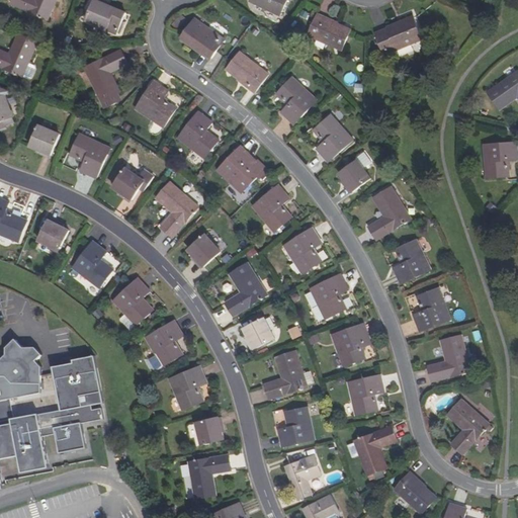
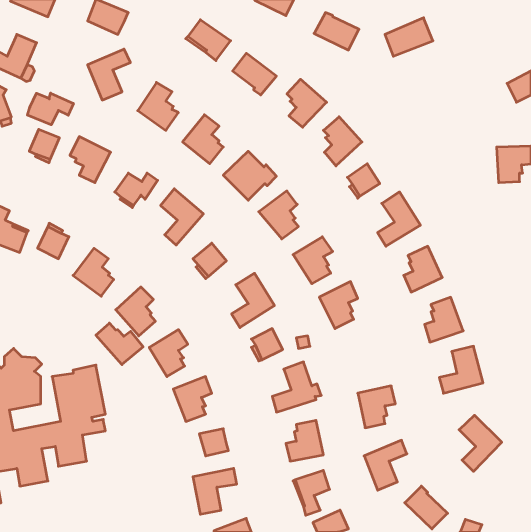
building: none -> [27,93,73,125]
building: none -> [96,323,143,365]
building: [332,324,368,365] -> none

